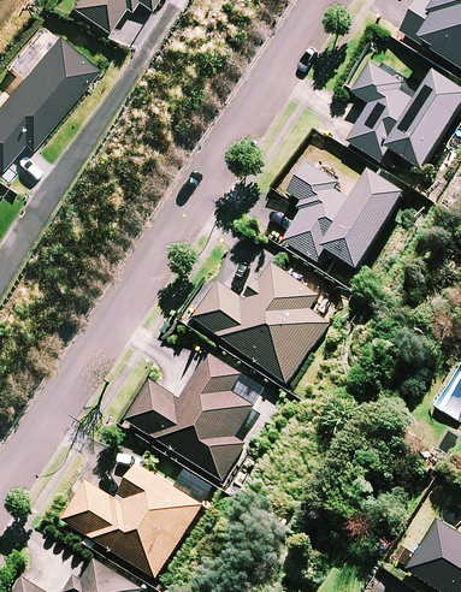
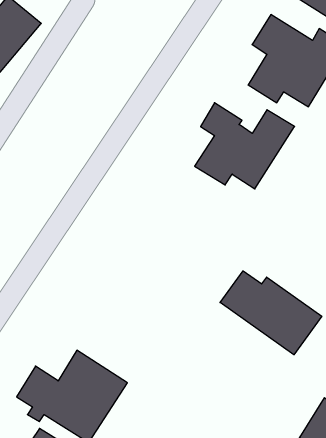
building: [195,265,327,384] -> none
building: [126,355,254,481] -> none
building: none -> [220,271,322,355]

